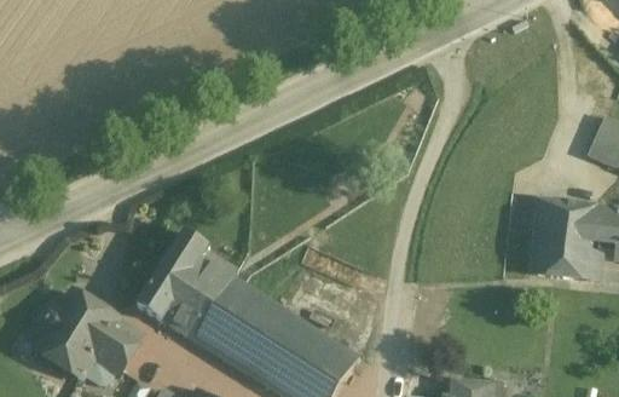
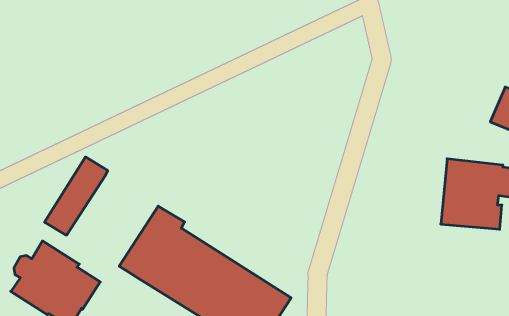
building: [137,230,209,320] -> [45,157,108,235]

